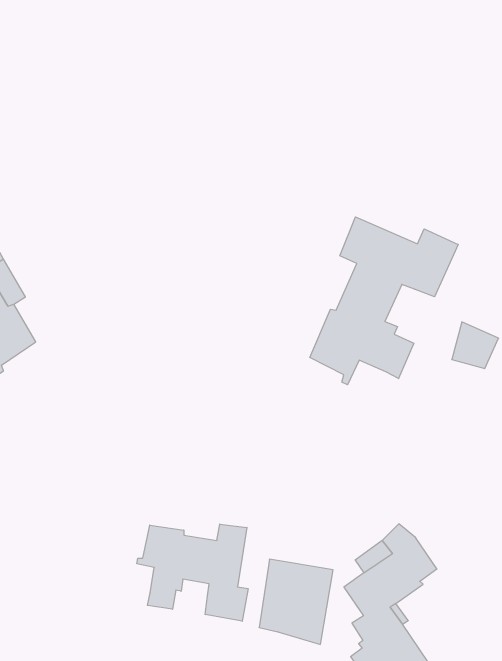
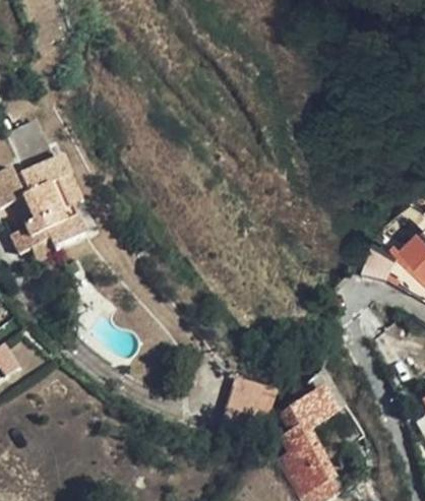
building: [310,217,458,385] -> none
building: [137,524,248,621] -> none

